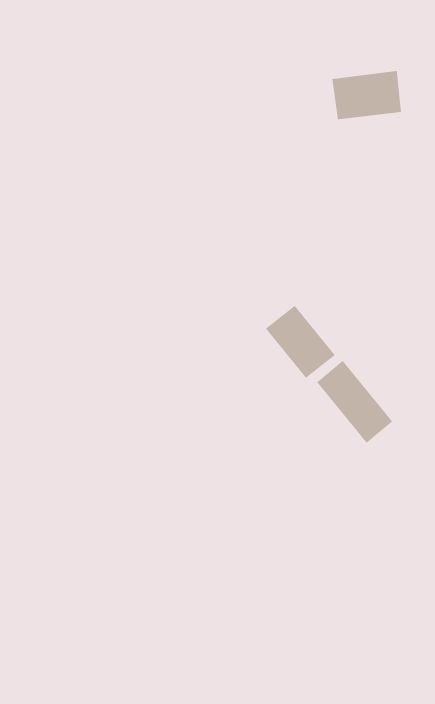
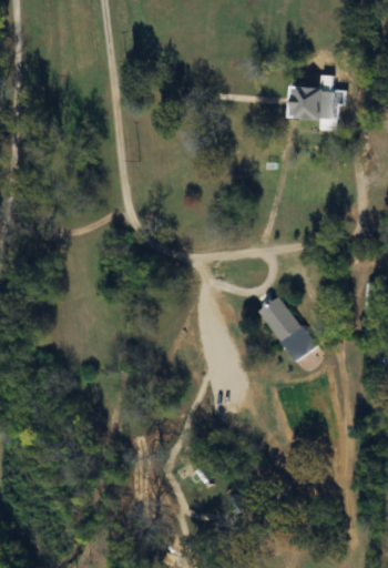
building: [265,305,336,379] -> none

